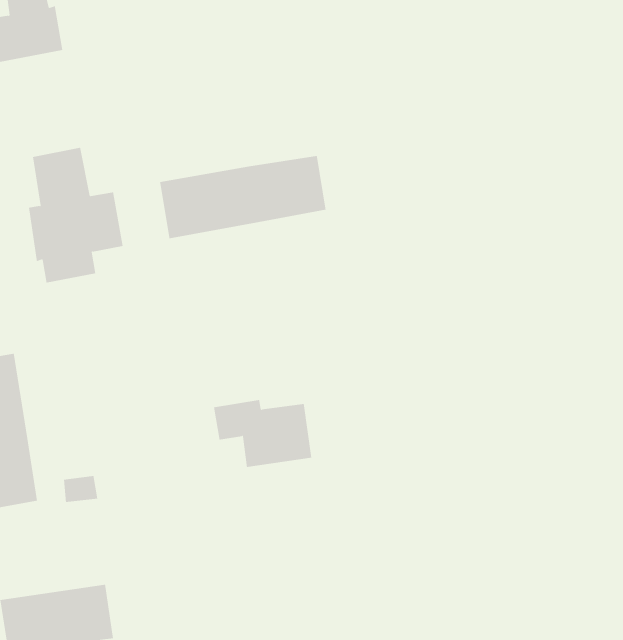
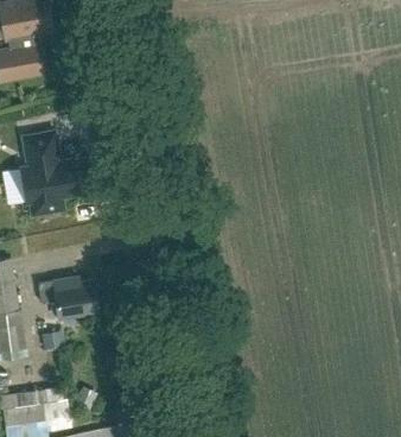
building: [159,155,326,239] -> none
building: [213,400,312,467] -> [38,277,98,318]

